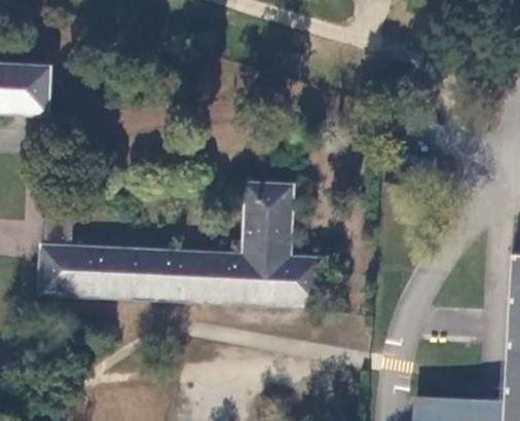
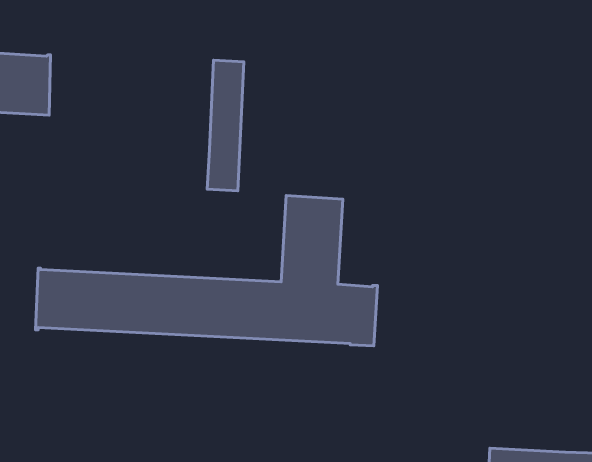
building: none -> [207,60,244,191]

